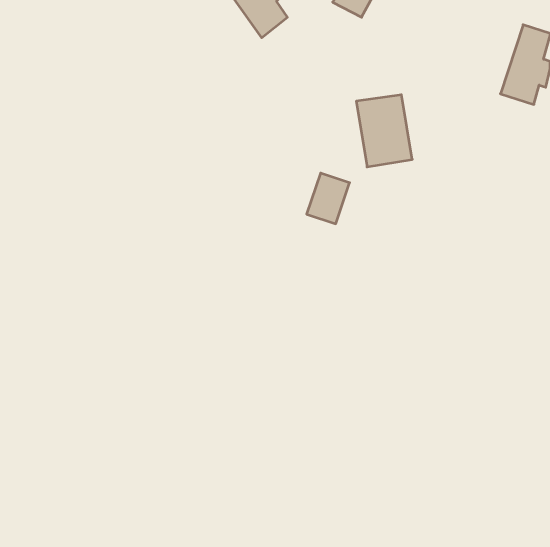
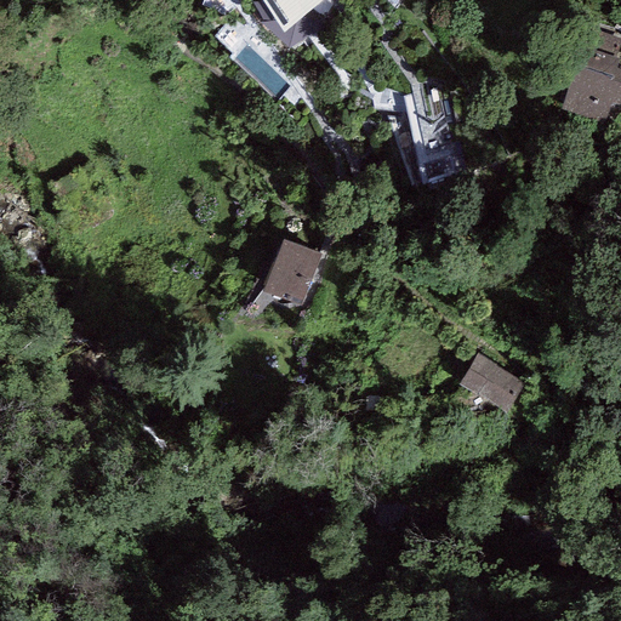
building: [307,173,350,224] -> [268,241,317,298]
building: none -> [465,357,520,404]

